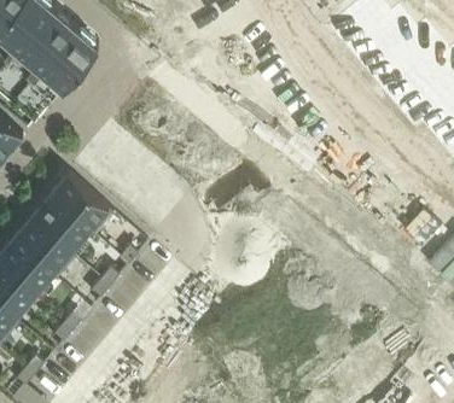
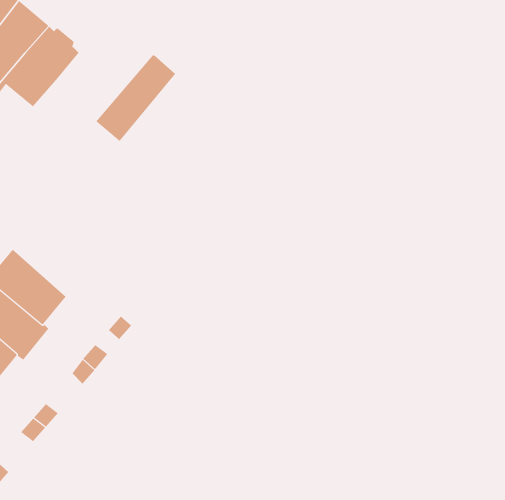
building: none -> [96,54,176,142]
building: [46,176,112,239] -> none

